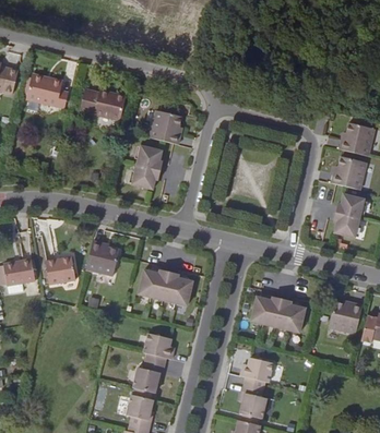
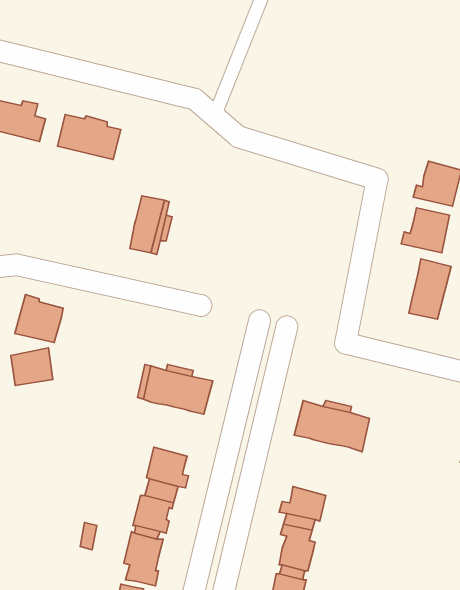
building: [150,109,181,143] -> none
building: [85,240,120,275] -> [15,294,63,343]
building: [328,302,361,333] -> none

